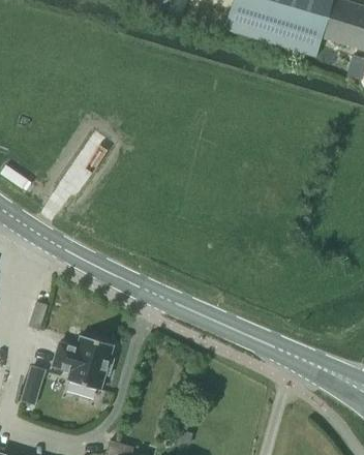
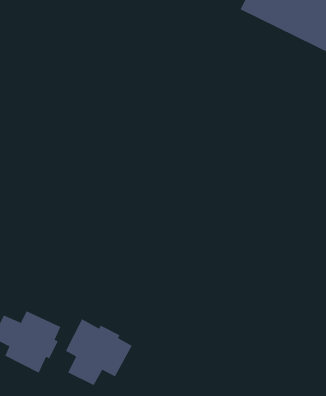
building: none -> [65,319,133,386]

